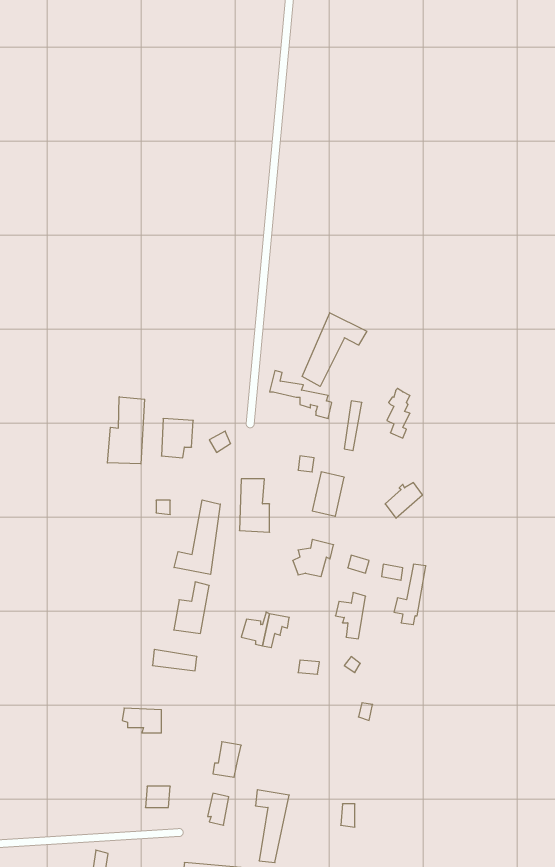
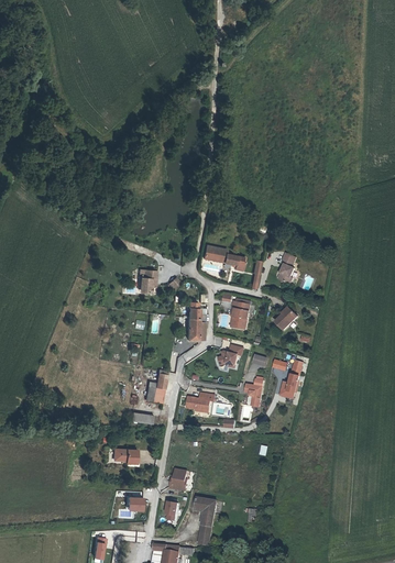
building: [302,313,367,386] -> none
building: [107,397,145,464] -> none
building: [174,500,220,574] -> none

